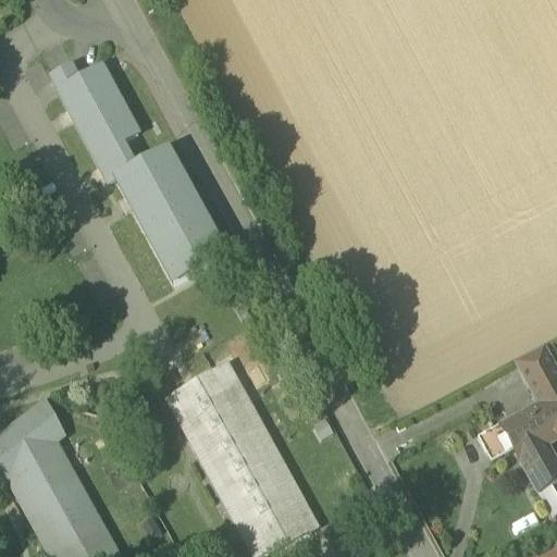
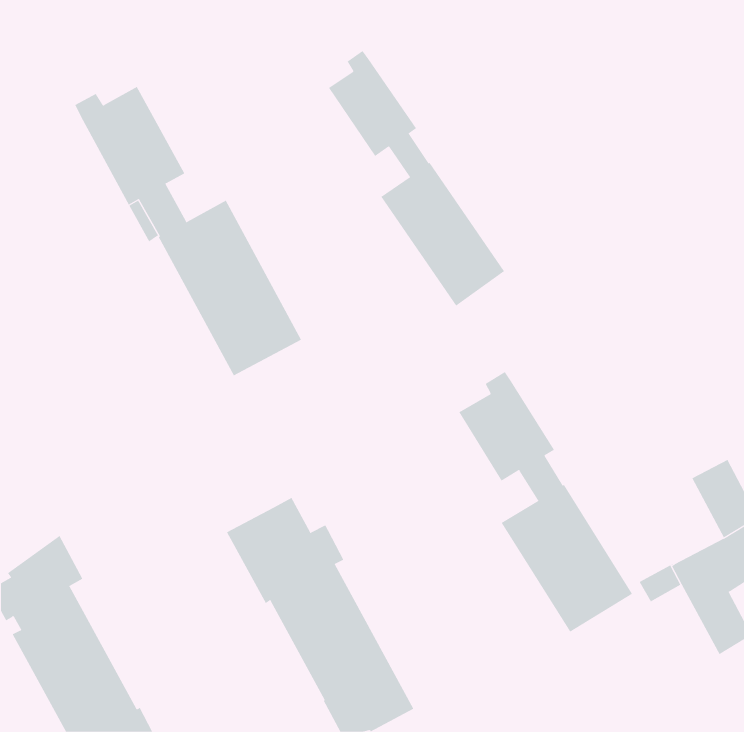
building: none -> [328,50,505,306]
building: none -> [458,371,633,633]

